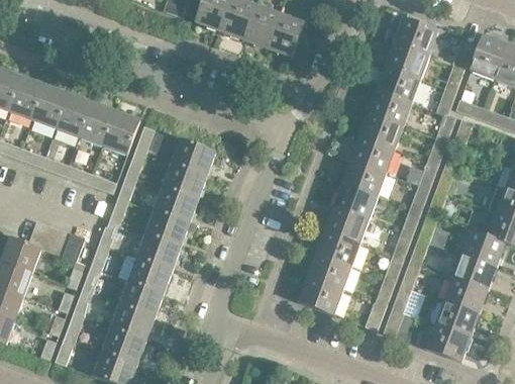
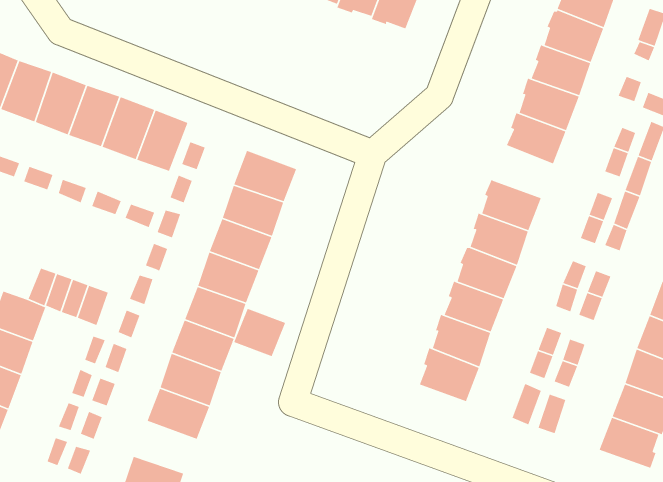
building: [352,135,394,172] -> none
building: none -> [233,308,286,357]
building: [101,327,145,364] -> none

